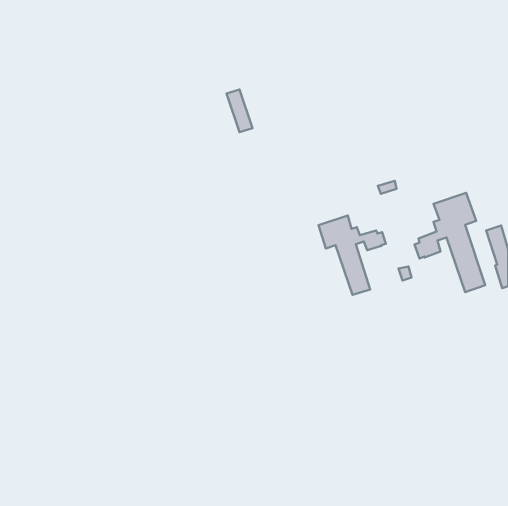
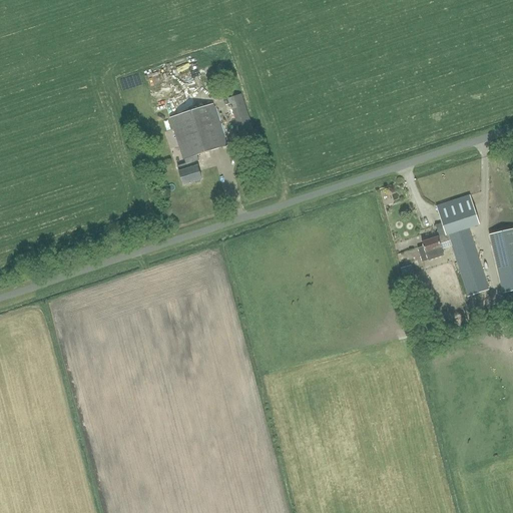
building: none -> [169,102,226,183]
building: [319,215,386,295] -> none

